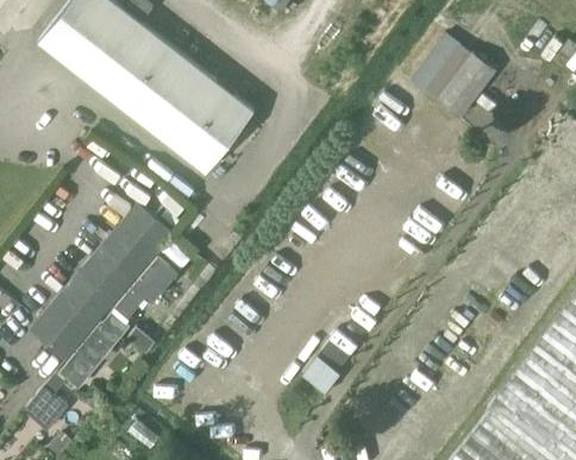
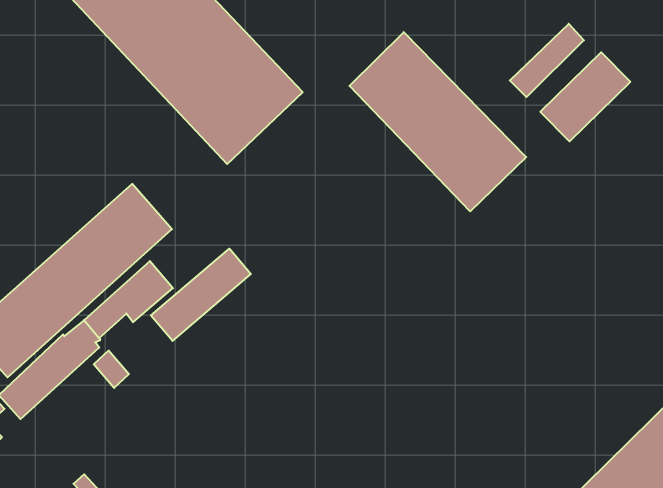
building: none -> [349,32,526,211]
building: none -> [151,249,251,341]

